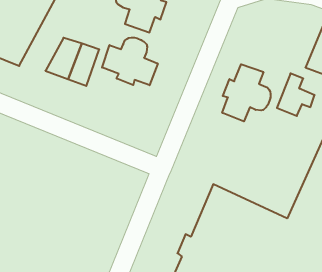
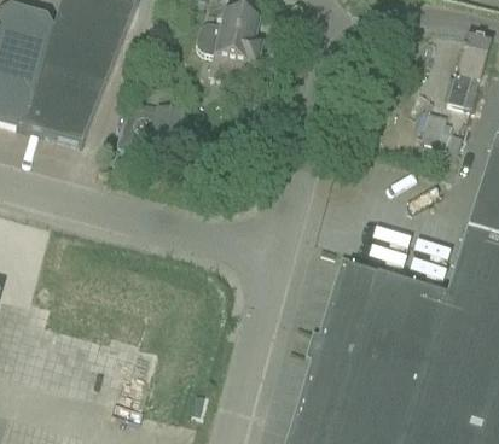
building: [102,38,158,85] -> none
building: [222,64,270,121] -> none

